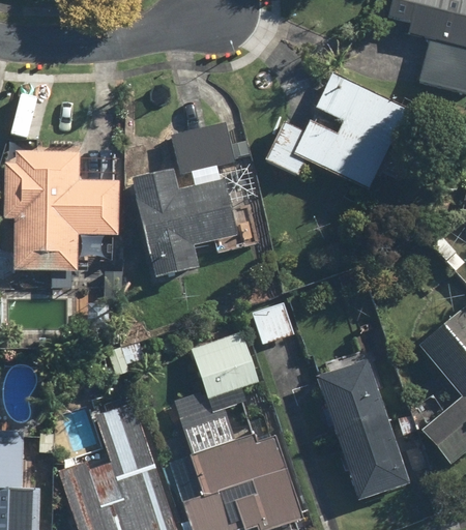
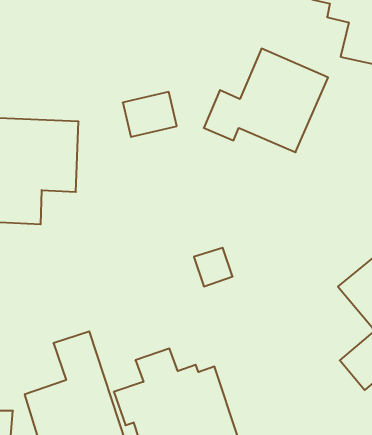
building: [132,164,259,282] -> none
building: [191,329,261,400] -> none
building: [316,355,409,501] -> none

